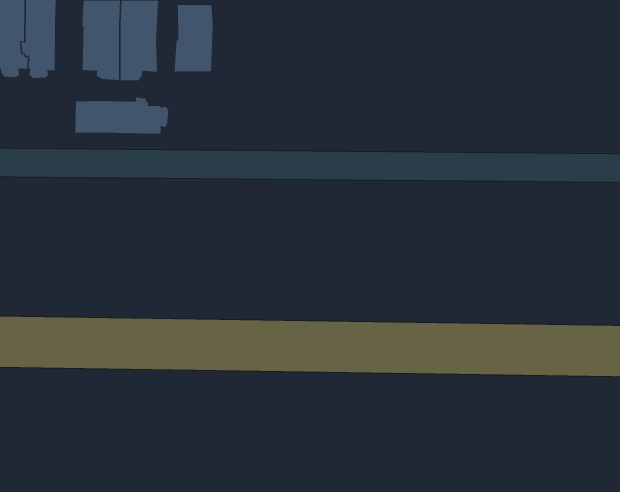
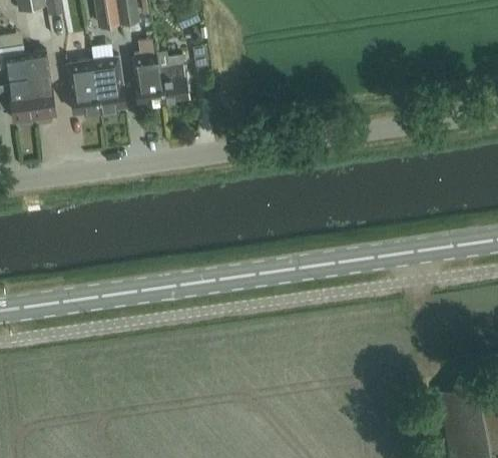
building: none -> [159,55,189,99]
building: [75,97,169,135] -> none

